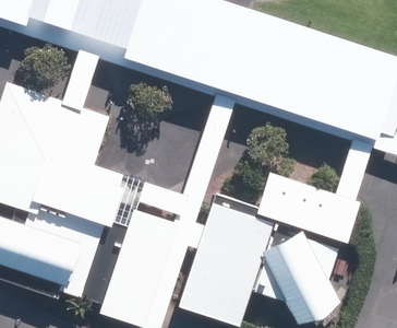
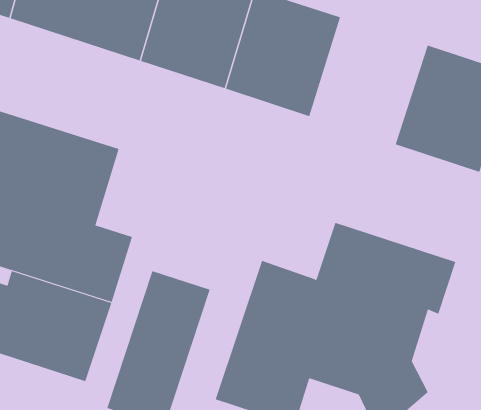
building: [253,20,340,115] -> none

